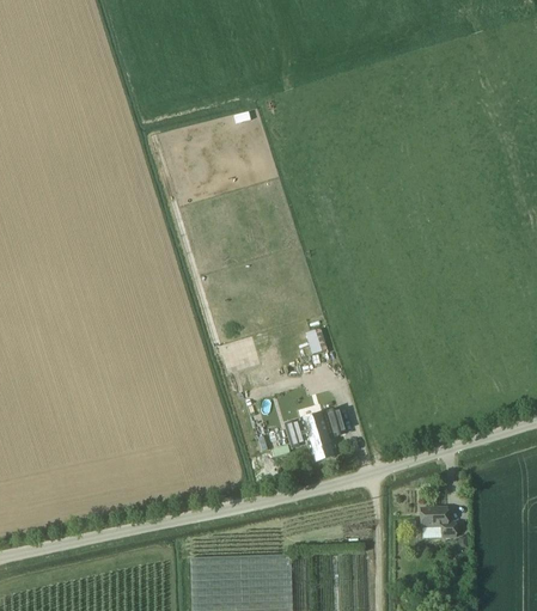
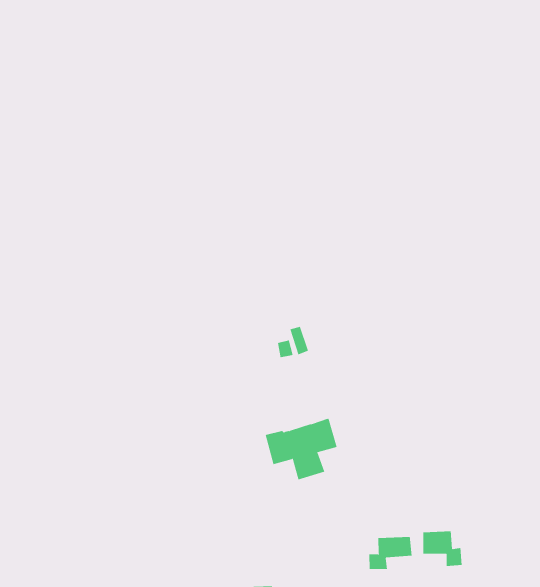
building: none -> [369,536,412,570]

